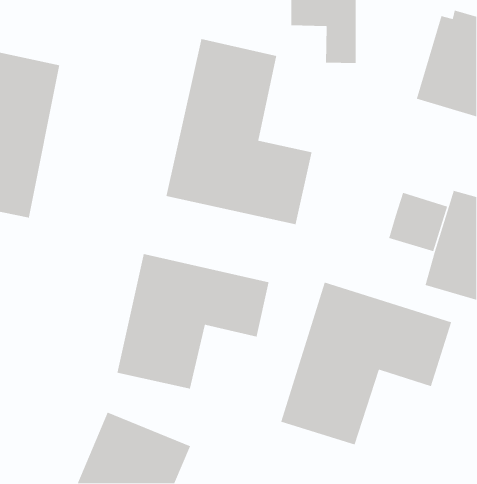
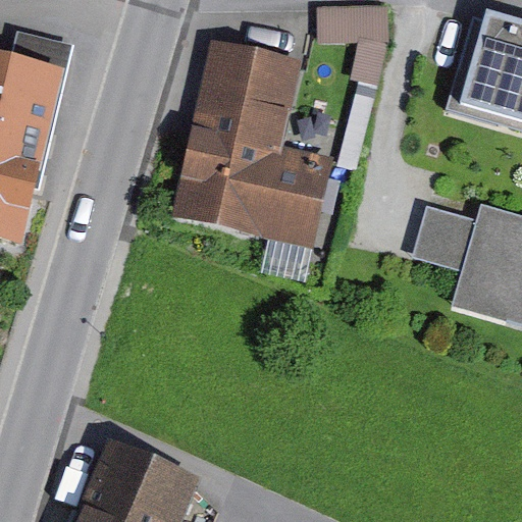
building: [116,253,270,390] -> none
building: [280,281,452,446] -> none

